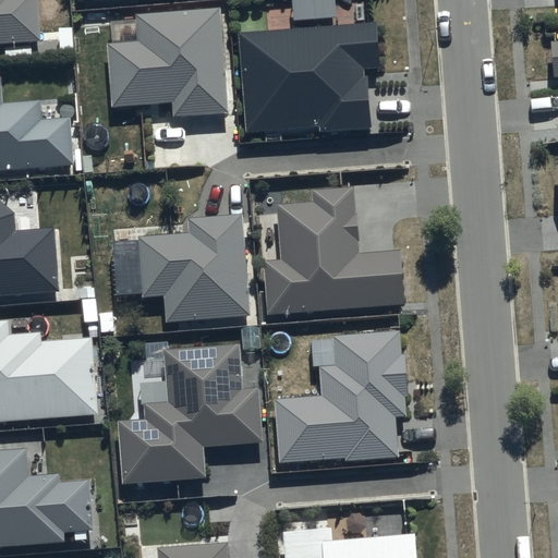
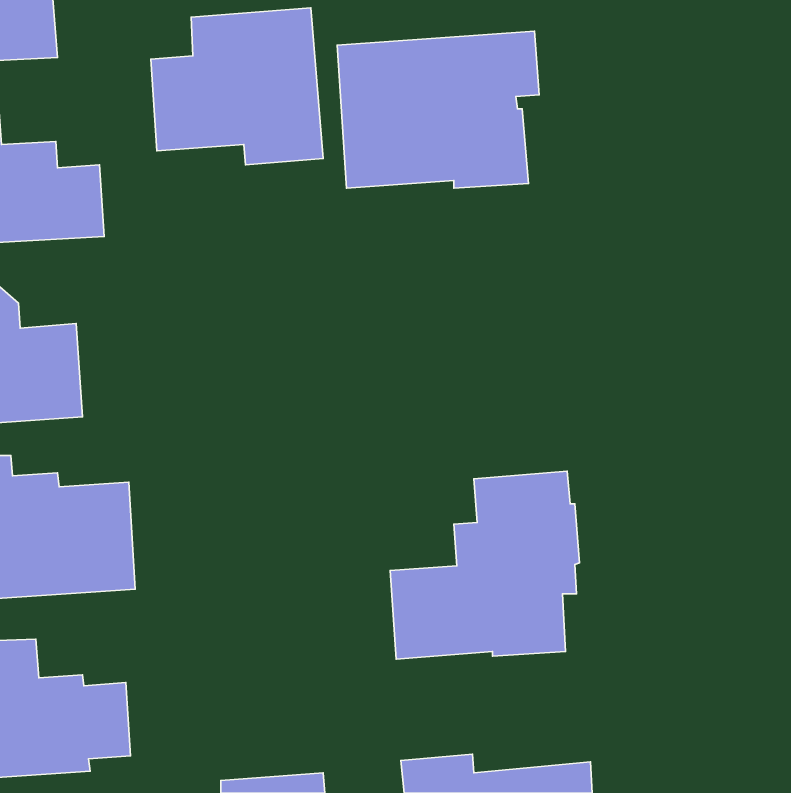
building: [260,185,402,317] -> none
building: [138,213,250,324] -> none
building: [118,342,260,483] -> none

